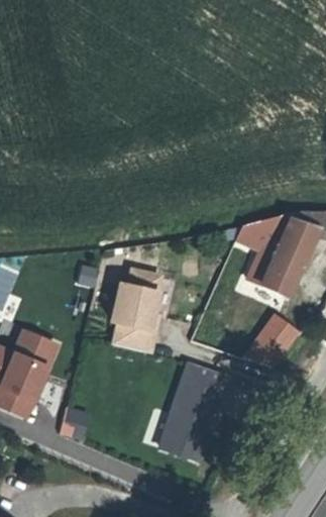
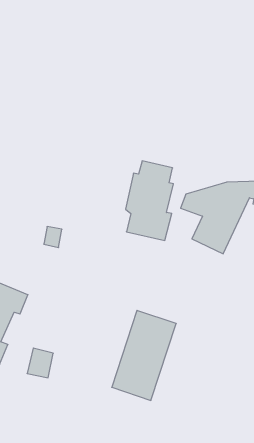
building: [110,264,166,355] -> [126,161,173,240]
building: [254,312,299,356] -> none

